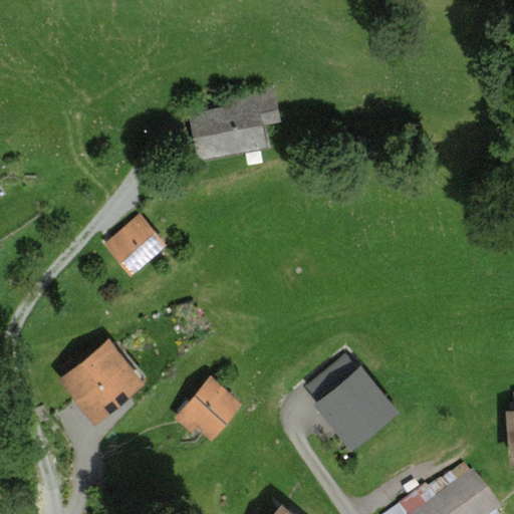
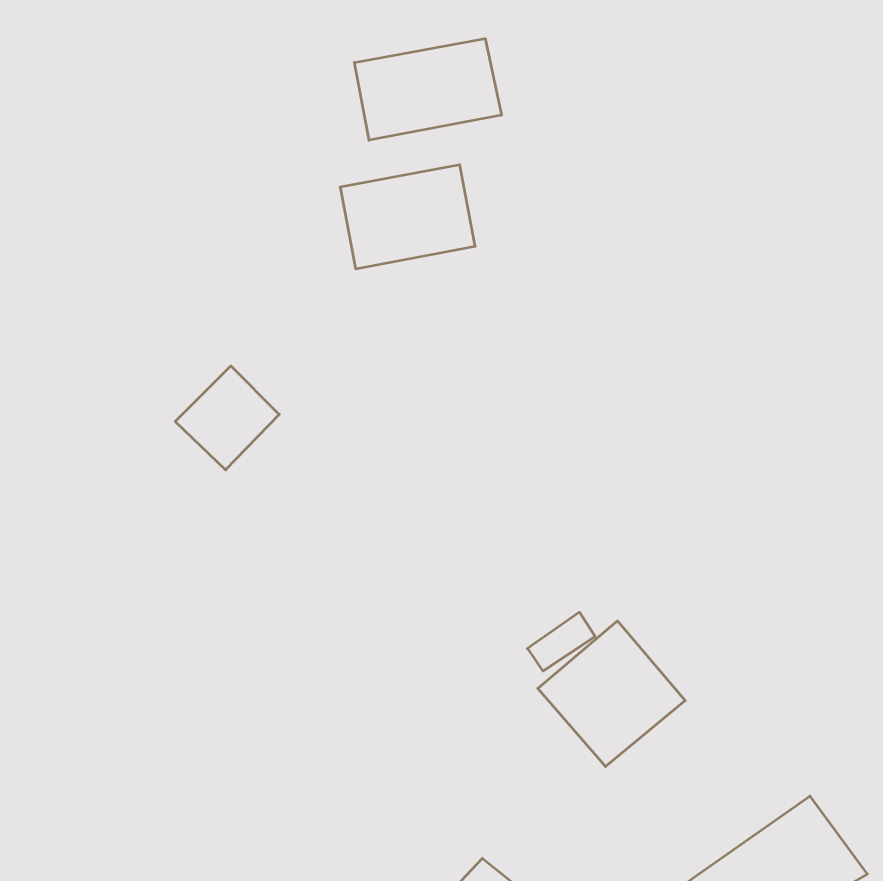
building: none -> [354,39,501,140]
building: [57,340,139,423] -> none
building: [179,375,244,442] -> none

